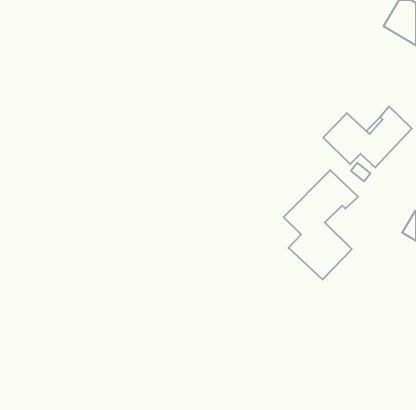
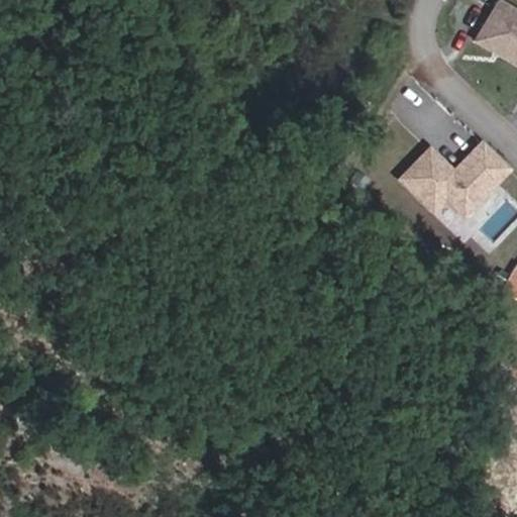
building: [284,170,358,280] -> none

